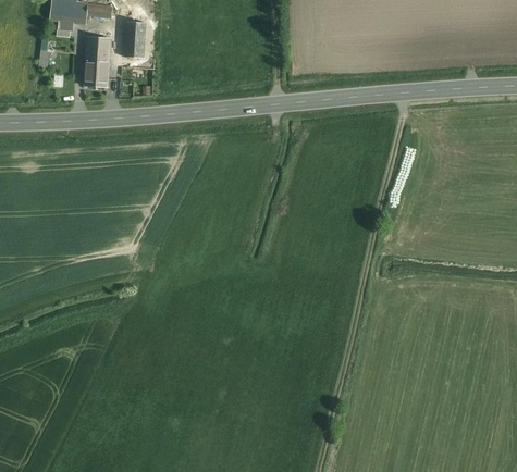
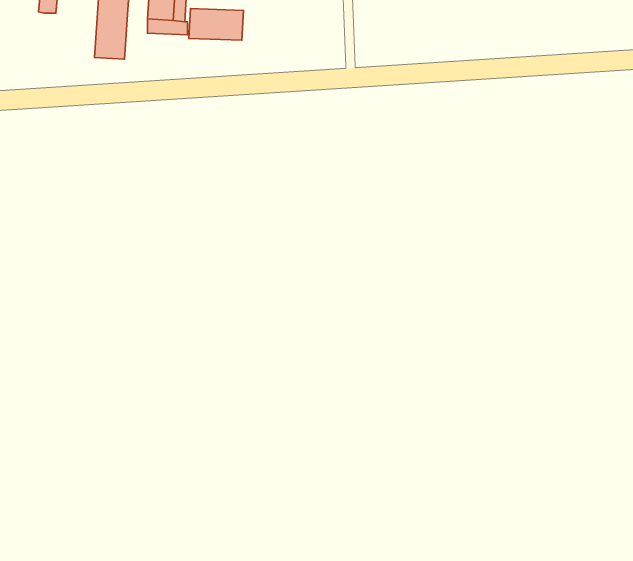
building: none -> [189,9,243,40]

